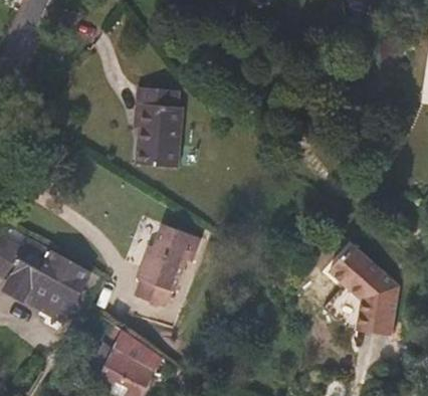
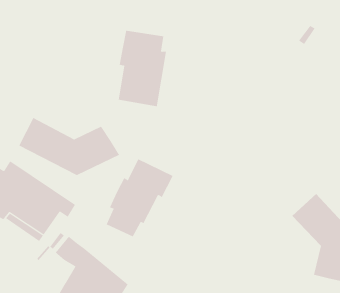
building: none -> [19,117,120,176]

